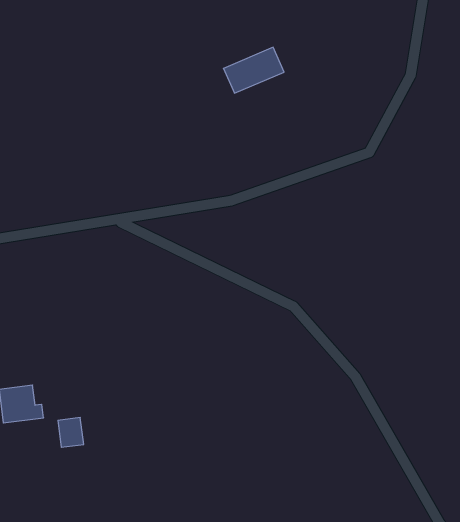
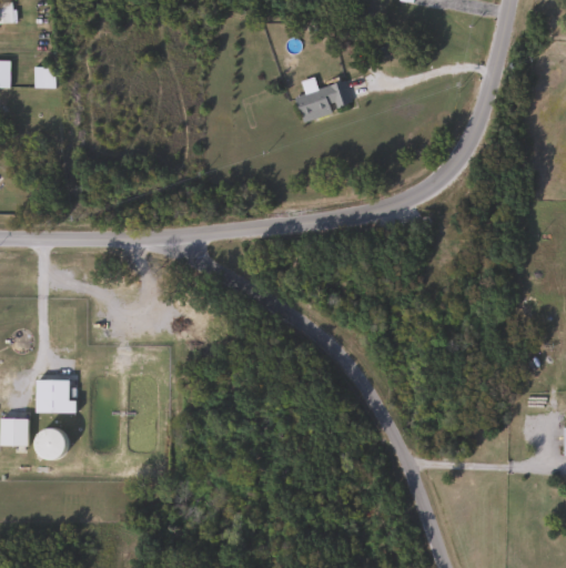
building: [58,418,84,447] -> [39,430,61,457]

